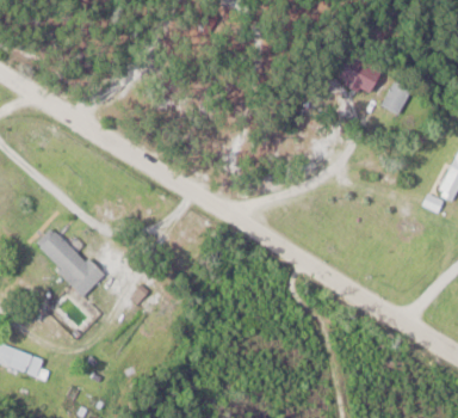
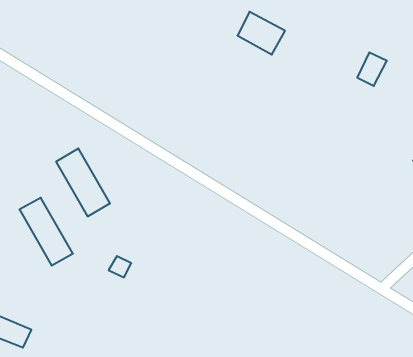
building: [333,54,380,97] -> [237,12,285,55]
building: none -> [56,148,110,217]

